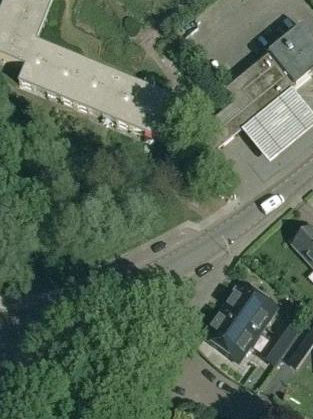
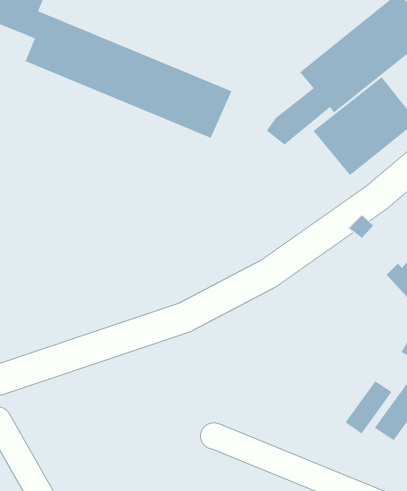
building: [205,281,278,361] -> none

